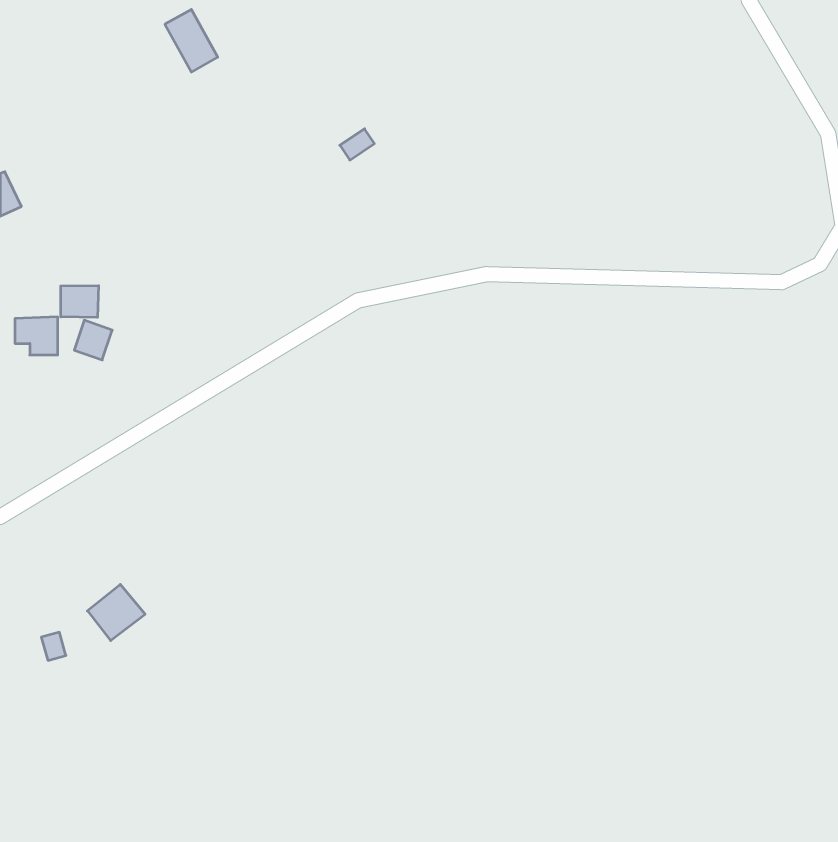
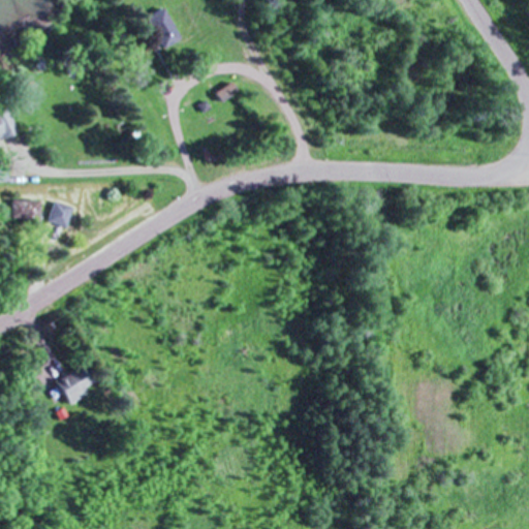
building: [165,9,218,72] -> [147,7,180,46]
building: [61,286,99,317] -> none

